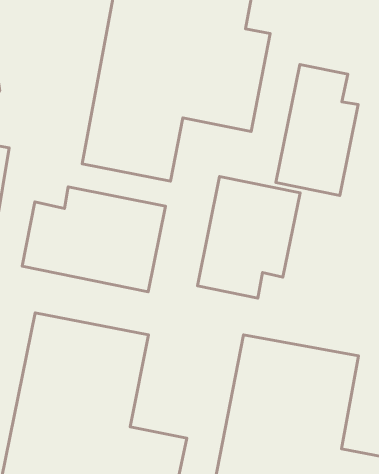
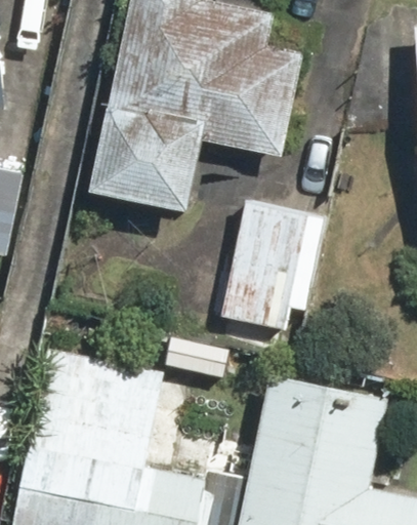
building: [276,65,358,196] -> none
building: [22,187,165,292] -> none

